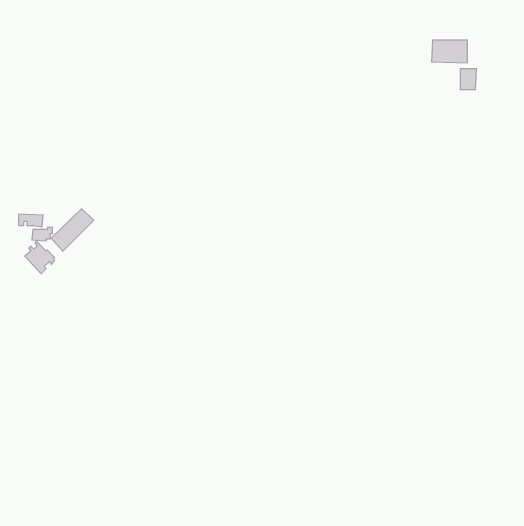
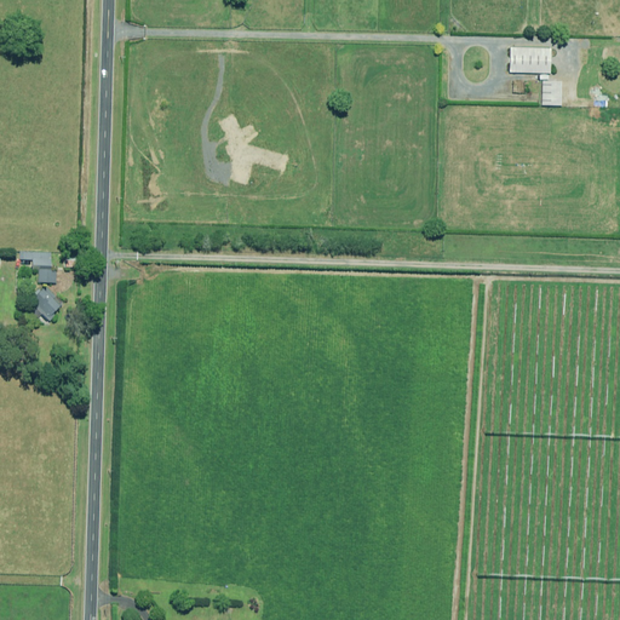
building: [51,209,94,251] -> none

